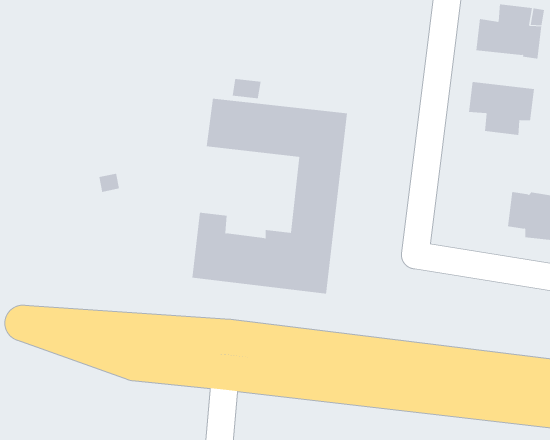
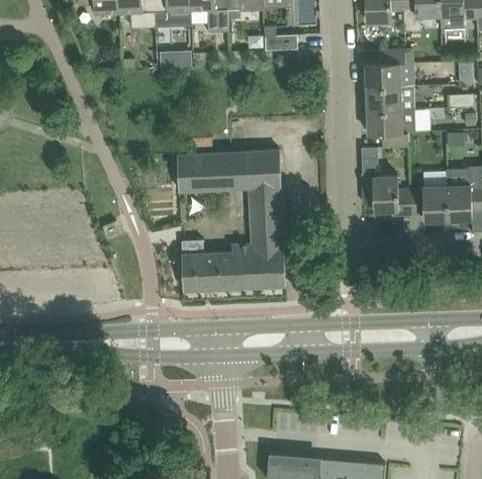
building: none -> [366,86,414,111]
building: none -> [361,157,410,215]

